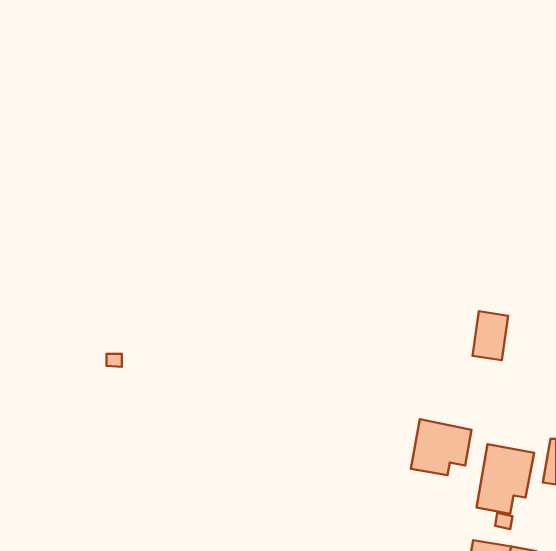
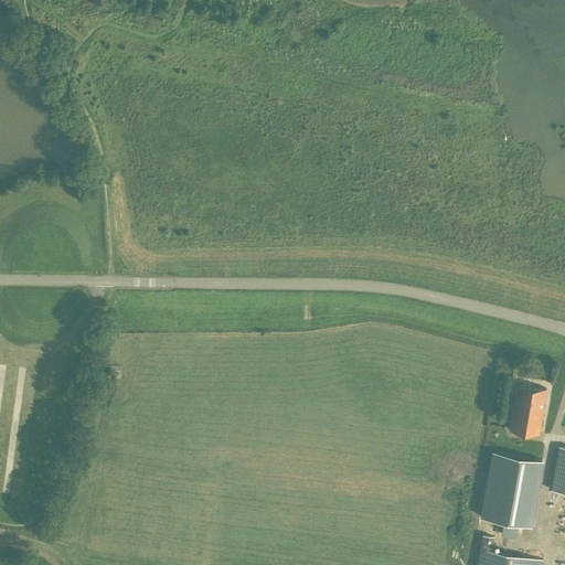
building: [472,311,508,360] -> [510,388,546,438]
building: [411,419,472,475] -> none

